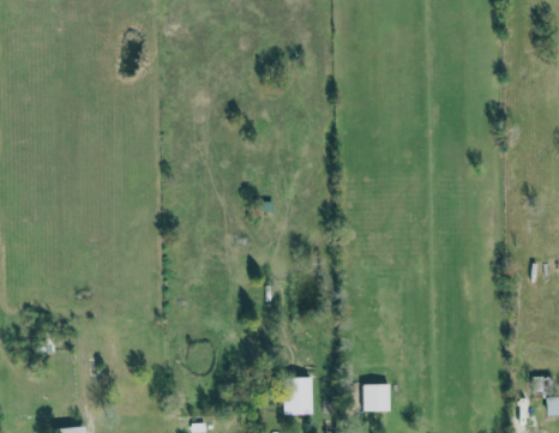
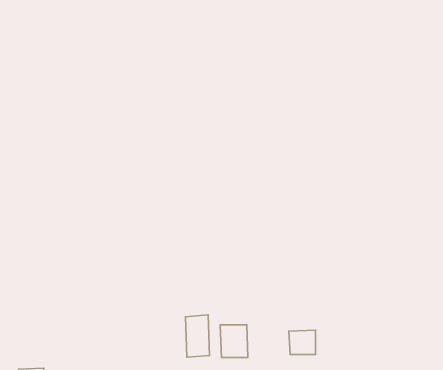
building: none -> [185,315,209,357]

